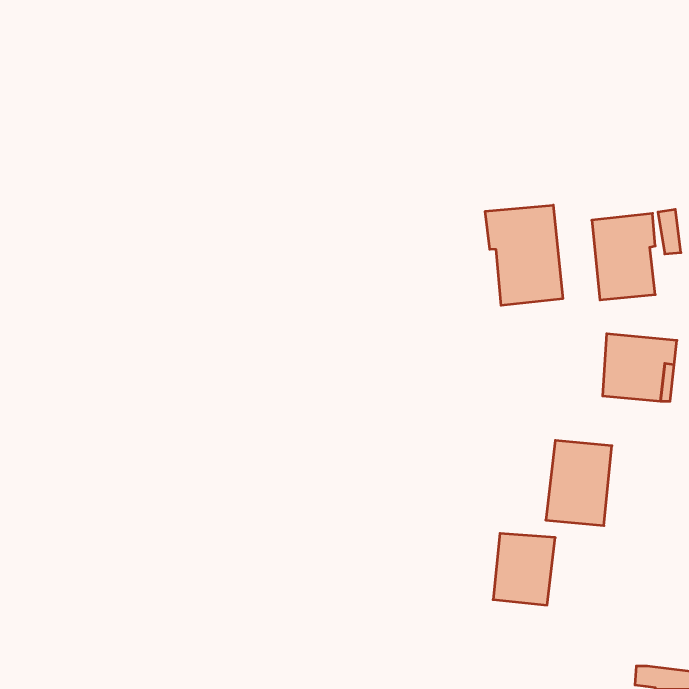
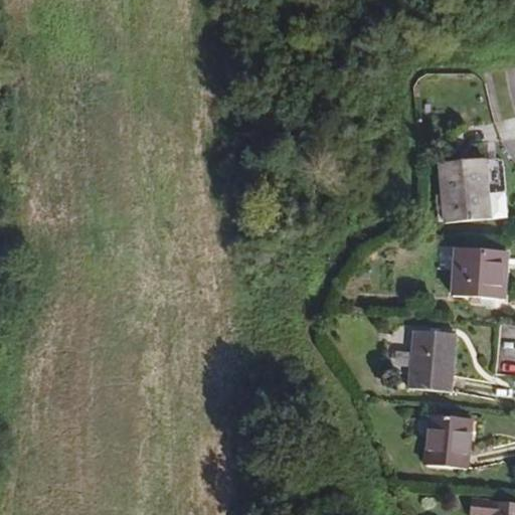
building: [485,205,563,305] -> none
building: [493,533,555,605] -> [424,414,471,468]

